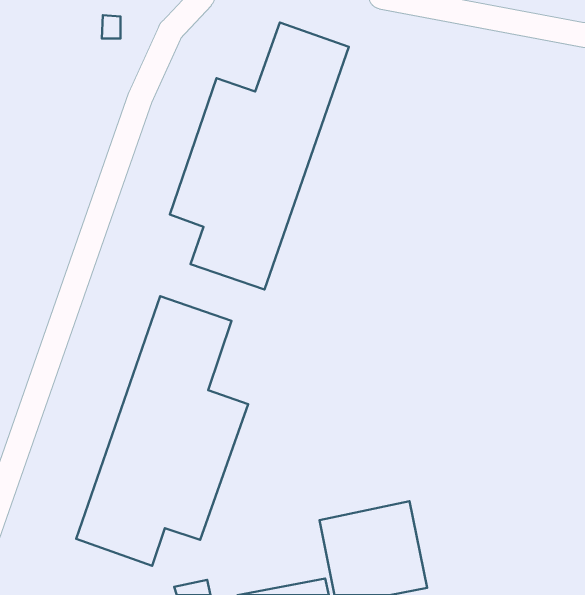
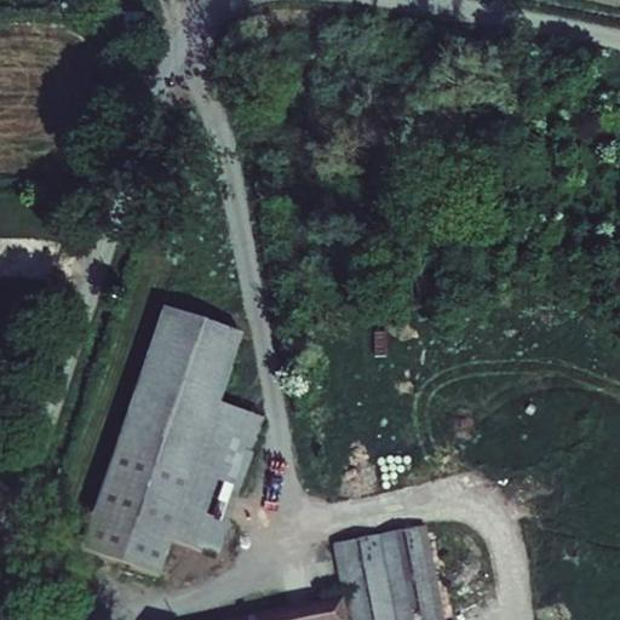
building: [170,23,349,290] -> none

